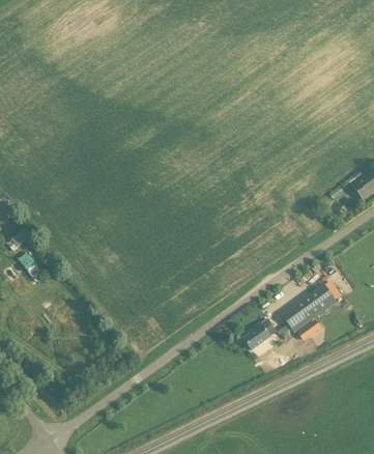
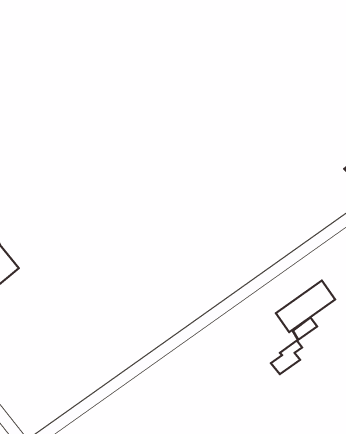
building: [242,317,271,348] -> [271,341,302,374]

